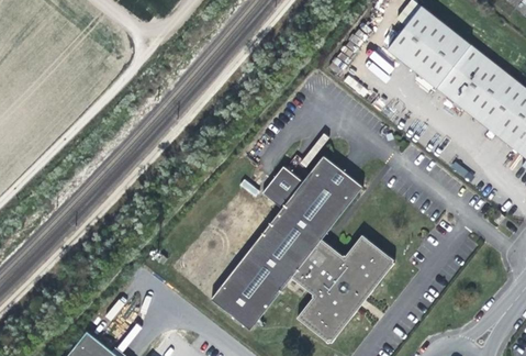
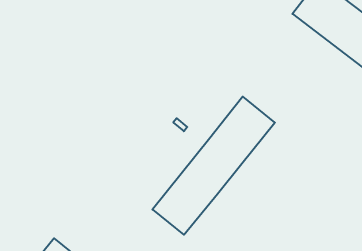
building: [264,166,303,208] -> none
building: [292,233,396,343] -> none

